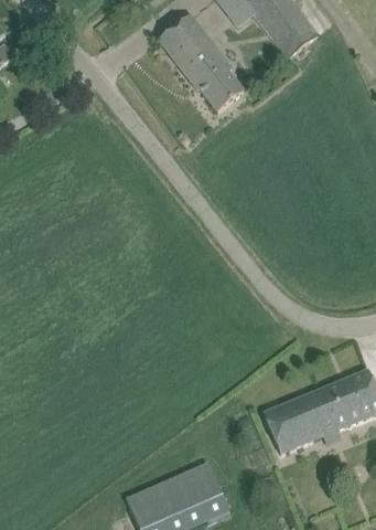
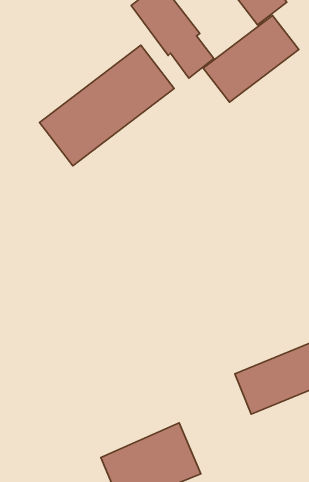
building: none -> [203,15,299,102]
building: none -> [39,45,174,166]

